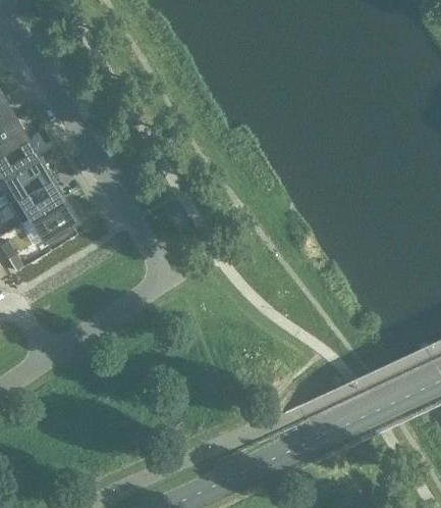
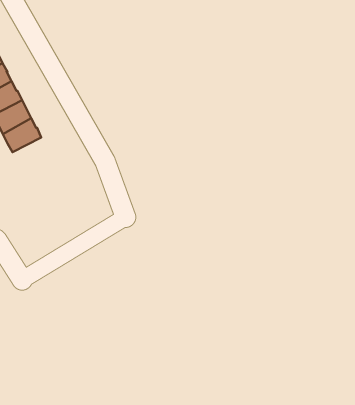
building: [31,199,73,238] -> none

